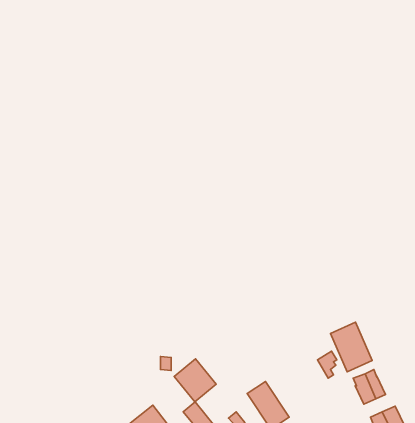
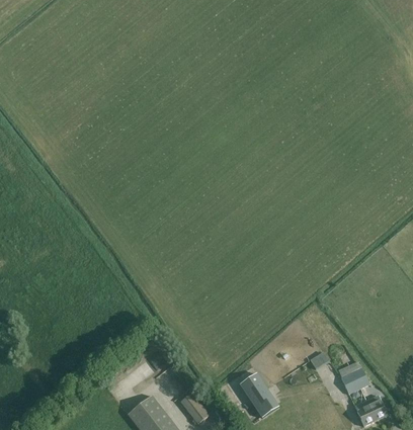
building: [331,322,372,372] -> none
building: [174,359,216,402] -> none

